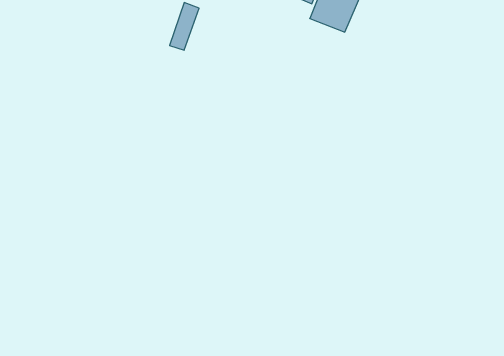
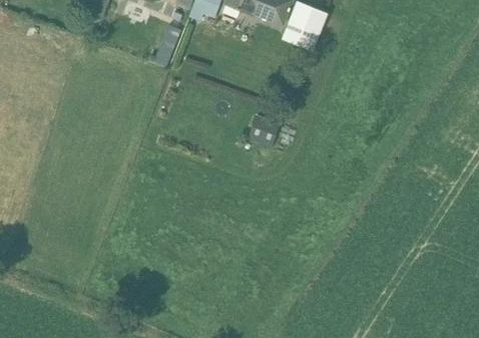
building: none -> [247,117,280,145]

